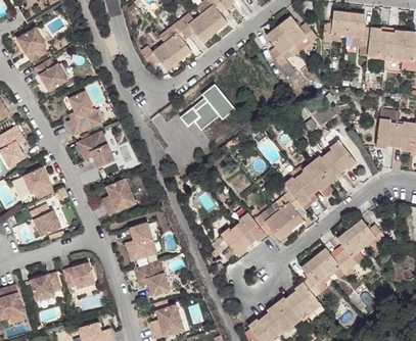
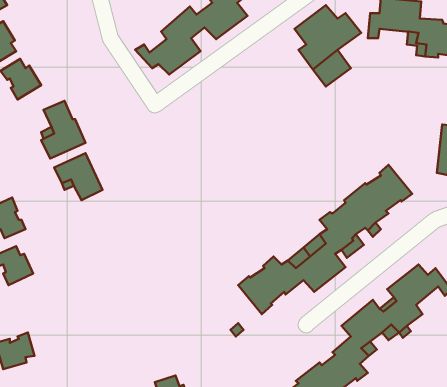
building: [179,84,234,130] -> none
building: [104,180,136,214] -> none
building: [127,223,157,261] -> none
building: [134,260,170,296] -> none
building: [63,262,96,288] -> none

